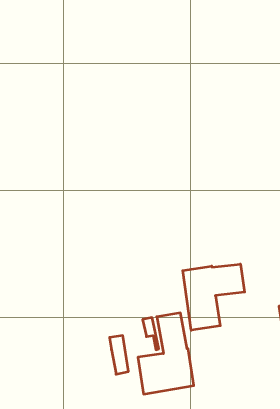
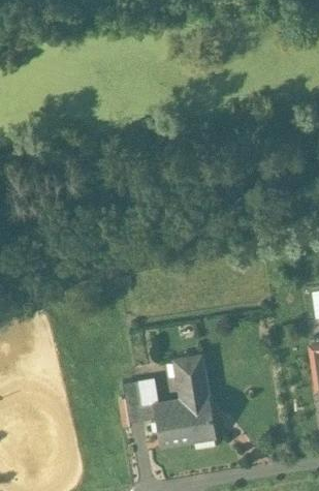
building: [183,264,245,330] -> none

